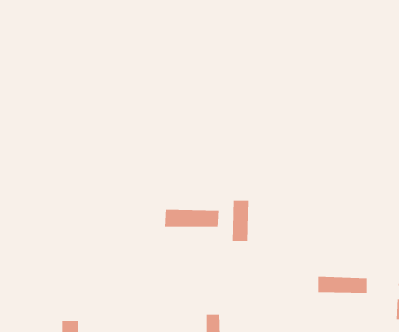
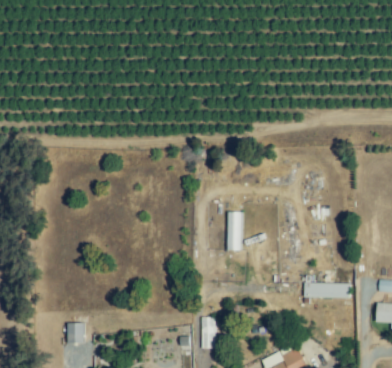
building: [165,209,219,227] -> none

